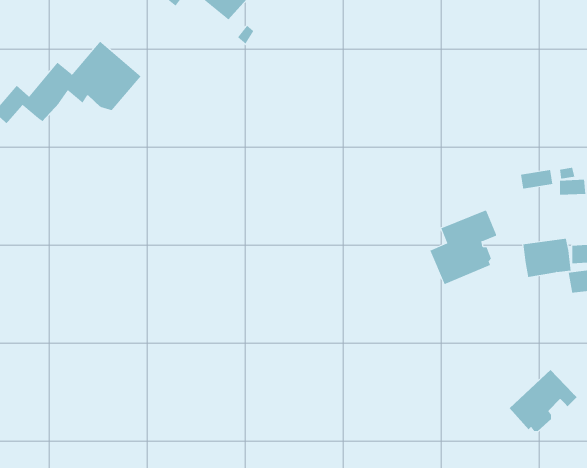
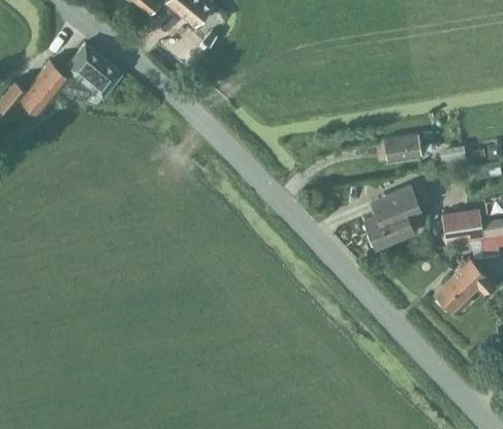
building: none -> [384,135,420,162]
building: [509,369,577,432] -> [434,258,492,311]

